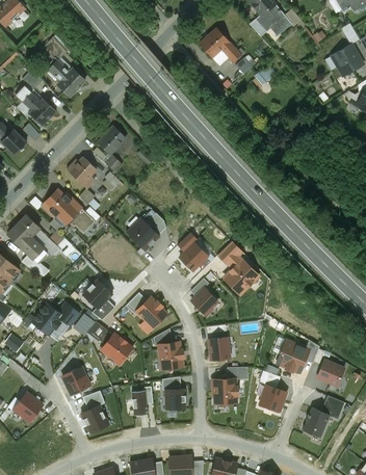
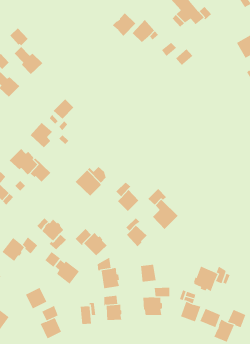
building: none -> [112,12,136,37]
building: [317,361,344,386] -> [200,308,221,328]

